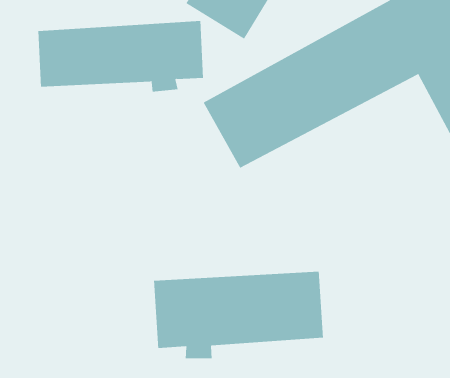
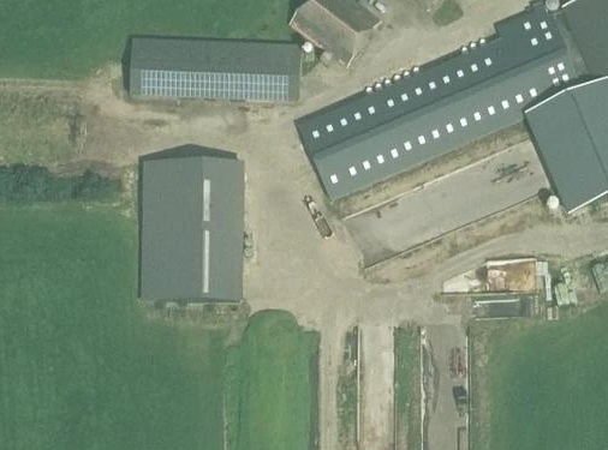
building: none -> [145,158,246,299]
building: [153,271,324,359] -> none

